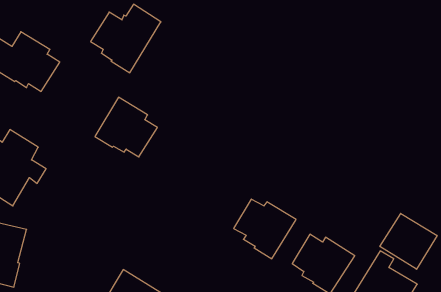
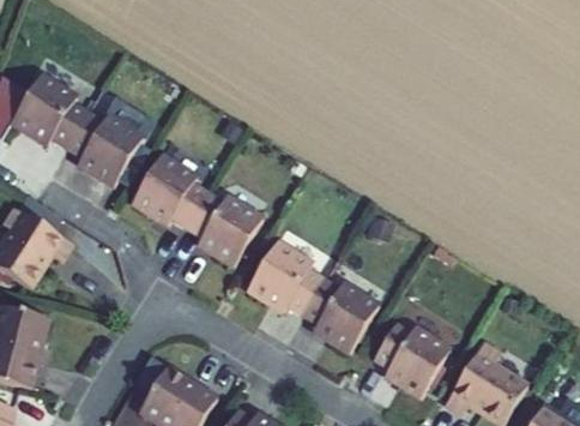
building: [91,4,161,73] -> [65,102,151,186]
building: none -> [185,192,262,265]
building: none -> [246,242,322,316]
building: [380,213,437,269] -> none

